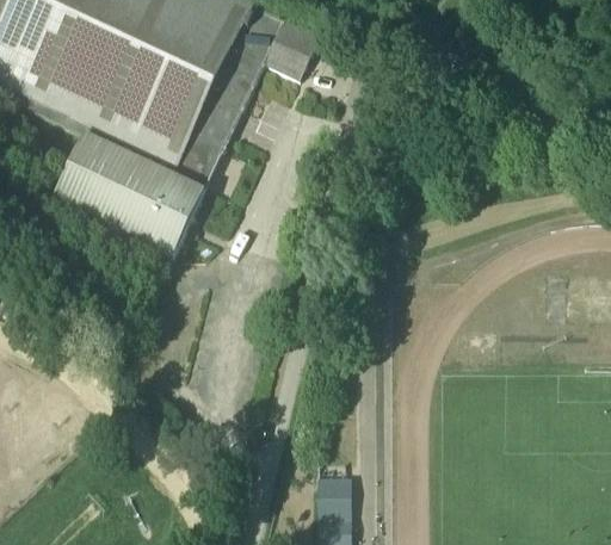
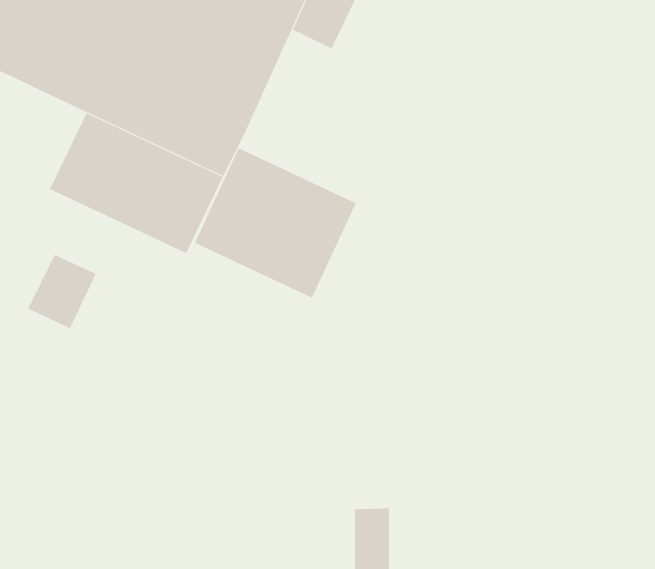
building: none -> [194,147,356,299]
building: none -> [28,254,96,329]

